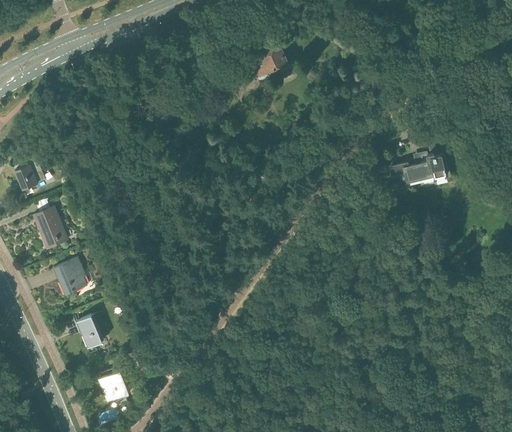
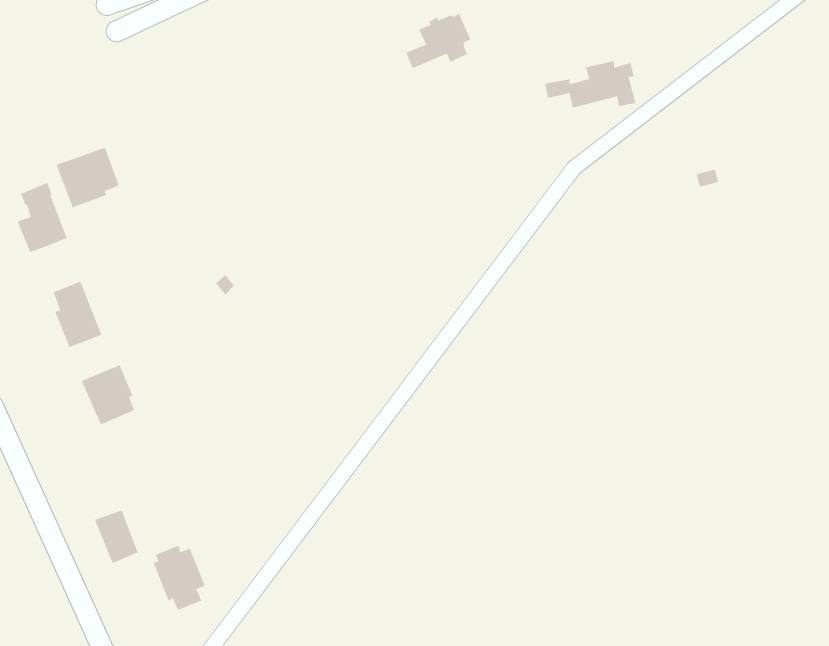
building: none -> [56,147,119,208]
building: [391,153,447,182] -> [544,61,636,108]
building: [77,315,104,348] -> [94,510,138,564]

